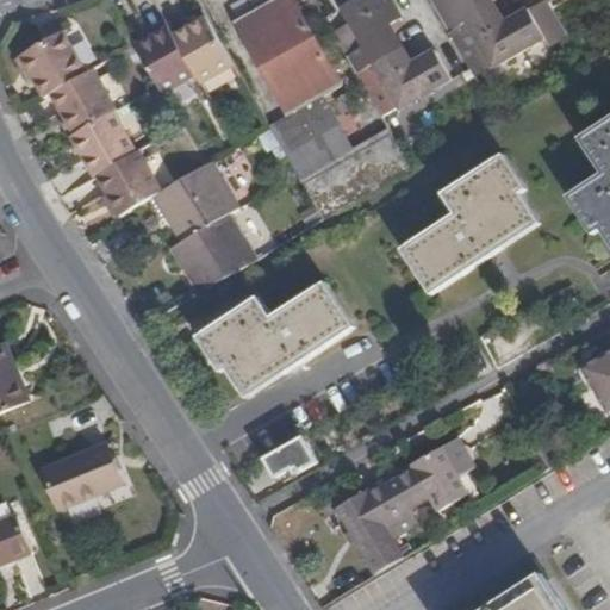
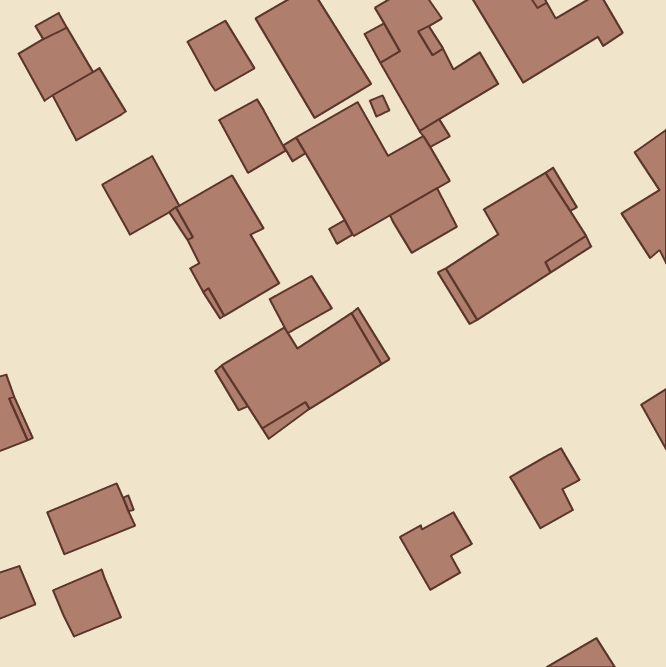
building: [130,29,191,95] -> [219,99,286,173]
building: [66,104,135,172] -> none
building: none -> [390,188,457,253]
building: none -> [270,276,332,333]
building: [261,434,317,475] -> none
building: [410,436,473,509] -> [510,448,580,528]
building: [334,488,402,571] -> none
building: none -> [53,569,121,637]

